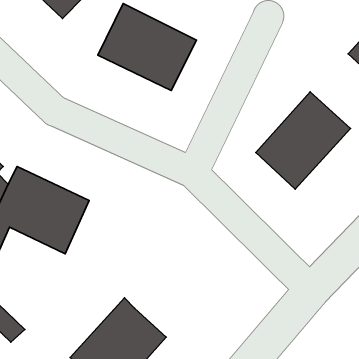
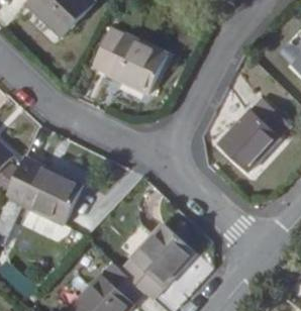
building: none -> [119,222,196,299]

